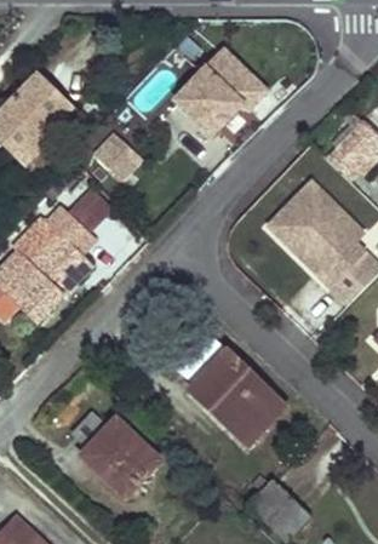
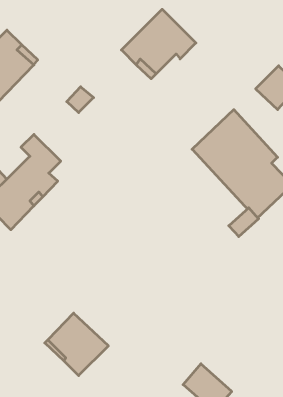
building: [189,349,286,440] -> none

